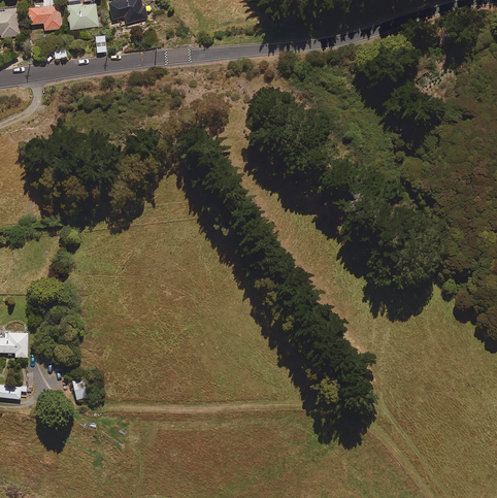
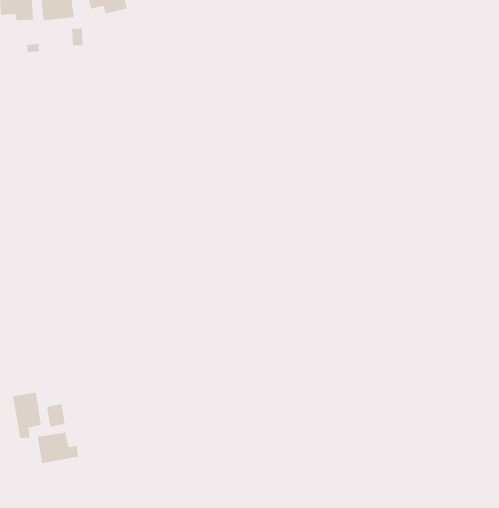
building: none -> [12,392,41,439]
building: none -> [37,432,78,464]

